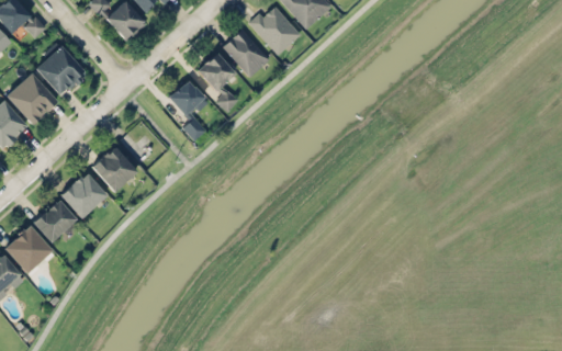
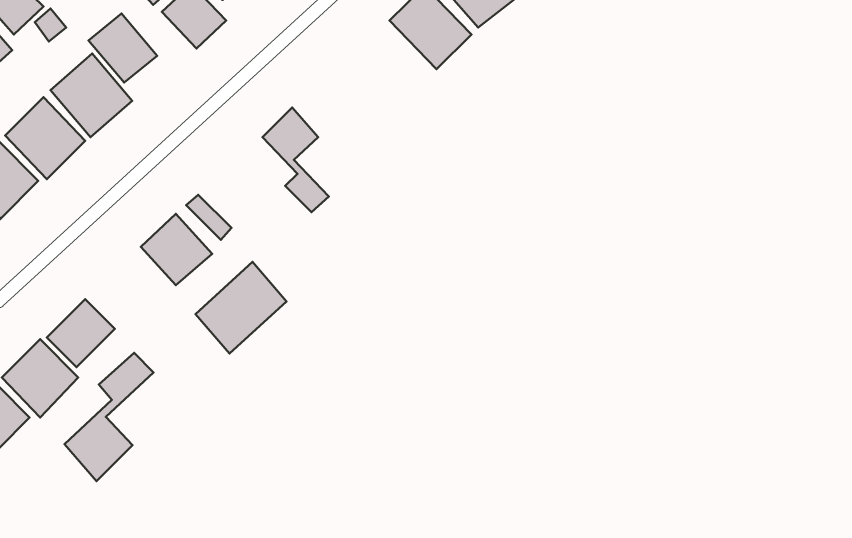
building: none -> [88,14,157,82]
building: [223,30,270,77] -> none
building: [198,53,238,111] -> none
building: [60,172,106,218] -> none
building: none -> [195,262,287,354]
building: none -> [64,353,153,481]

